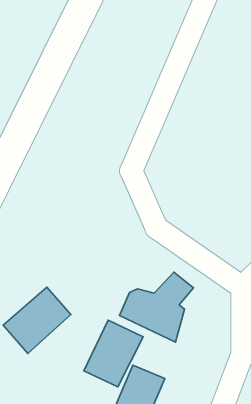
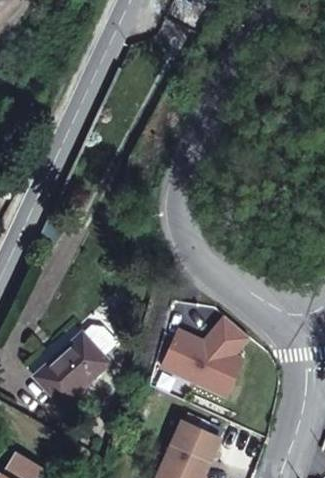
building: [84,320,143,387] -> none

